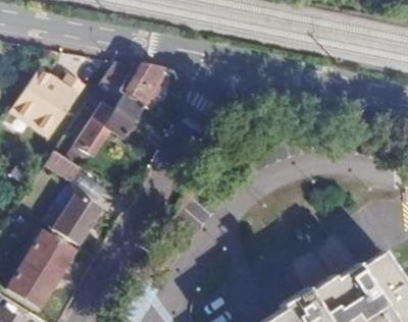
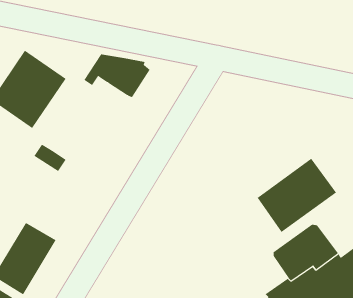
building: [75,86,144,156] -> none
building: none -> [257,158,337,233]
building: [53,194,101,246] -> none

